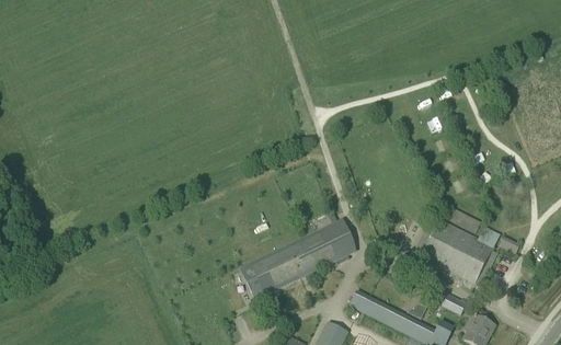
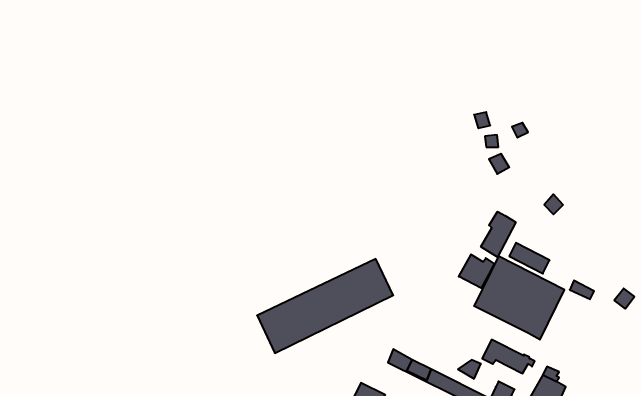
building: none -> [481,212,516,257]
building: none -> [459,254,494,288]

